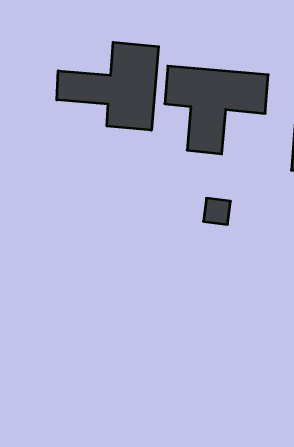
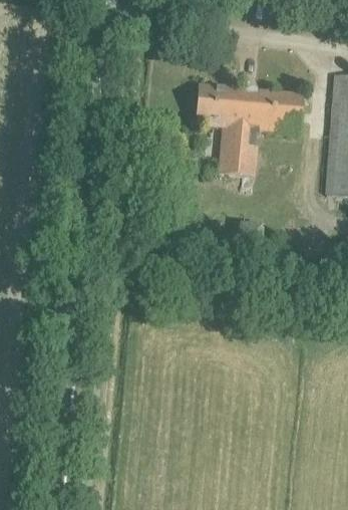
building: [57,42,159,130] -> none

